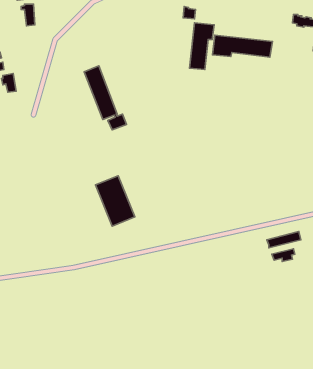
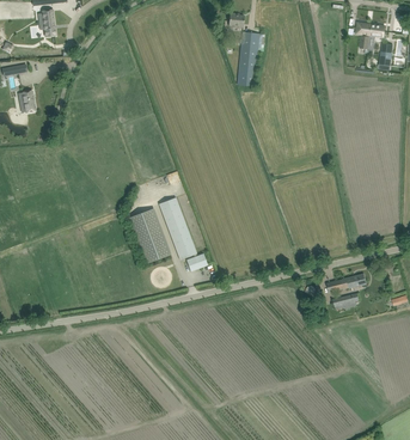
building: [212,35,272,57] -> none
building: [84,66,127,130] -> [158,197,207,271]

